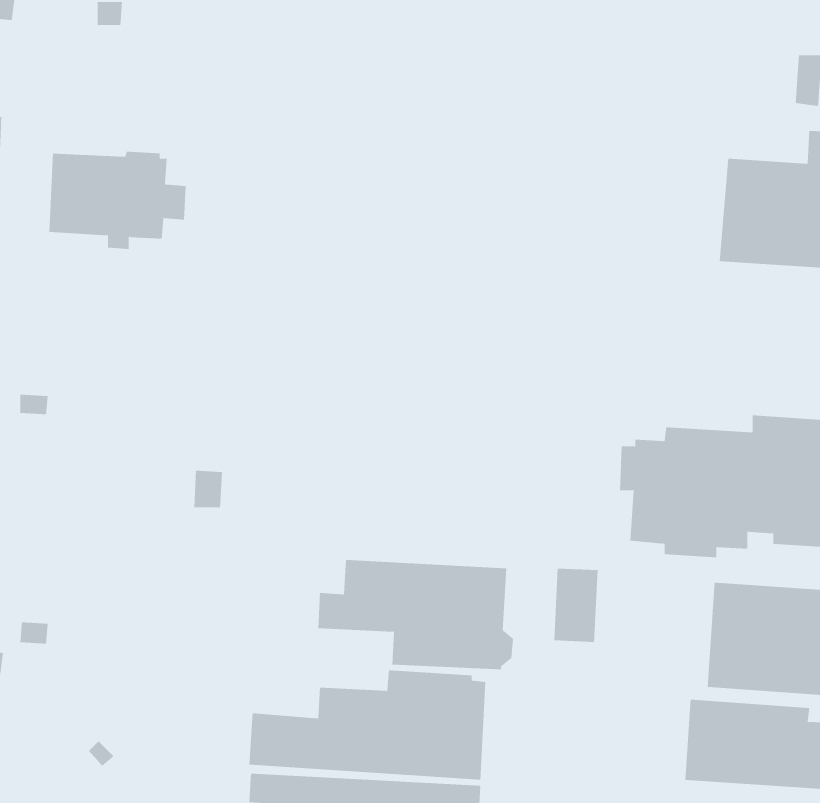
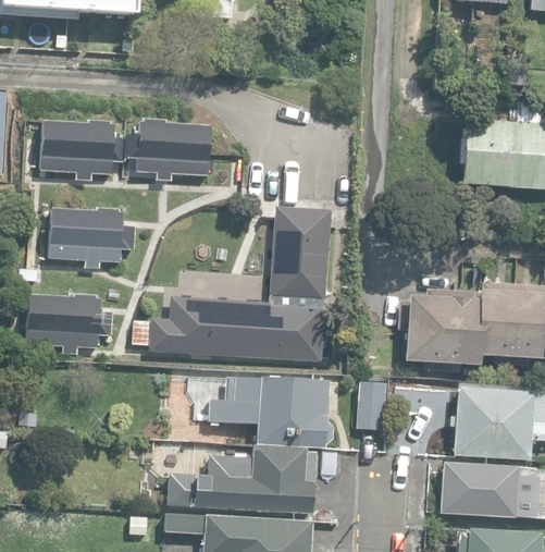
building: none -> [127,118,210,181]
building: none -> [149,204,334,359]
building: none -> [50,209,136,271]
building: none -> [27,295,113,357]

